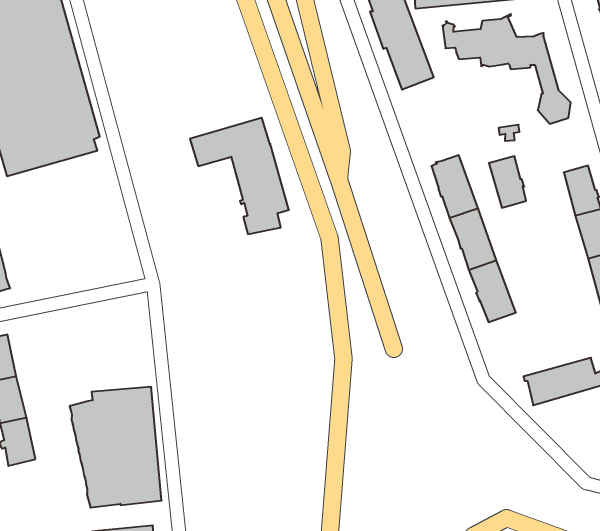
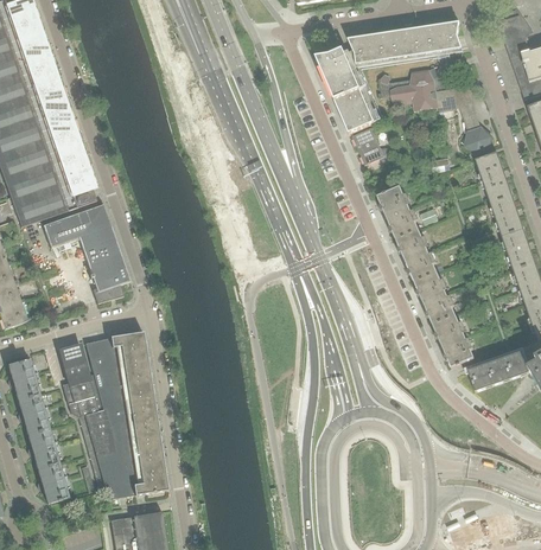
building: none -> [352,127,392,164]
building: [190,118,289,234] -> [43,204,129,302]
building: [489,156,526,208] -> [476,151,509,194]
building: none -> [85,331,153,402]
building: none -> [433,314,475,366]
building: none -> [59,344,100,416]
building: none -> [37,461,69,503]

